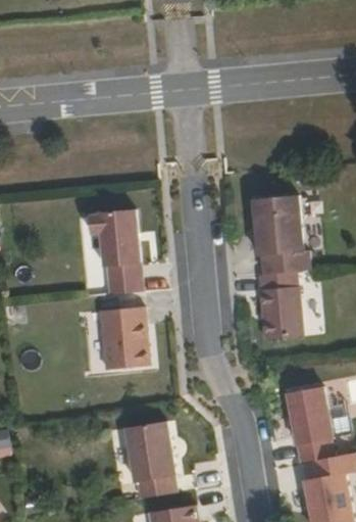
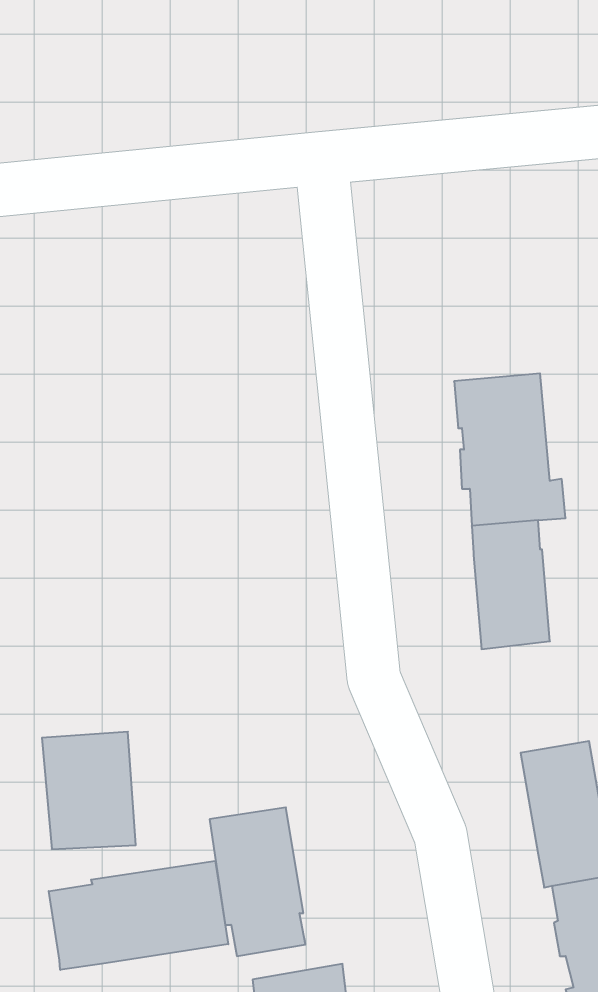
building: [91,208,144,295] -> none
building: [98,307,147,369] -> [42,732,136,849]
building: none -> [49,861,228,970]

